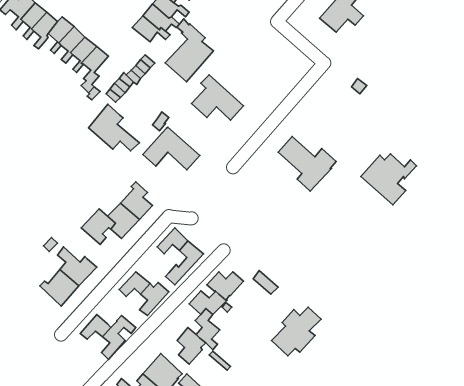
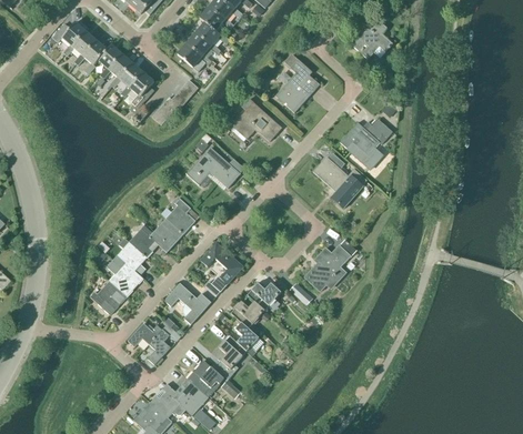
building: [165,19,214,82] -> [274,54,320,113]
building: [89,104,139,151] -> none
building: [361,154,417,205] -> [340,121,392,169]
building: none -> [112,242,147,274]
building: [271,307,321,356] -> [304,245,351,291]

